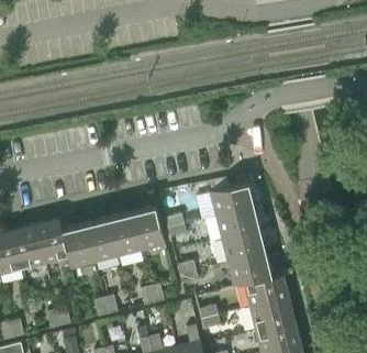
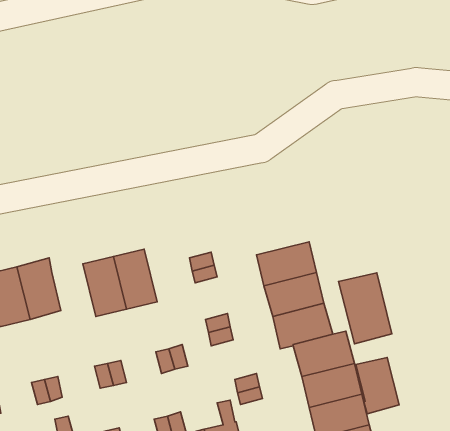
building: [209,181,255,216] -> none
building: [131,205,165,251] -> none
building: [62,222,94,268] -> none
building: none -> [339,273,392,344]
building: none -> [356,357,399,414]

